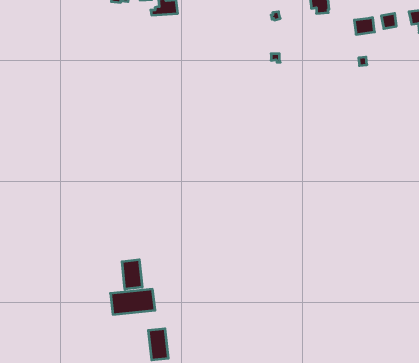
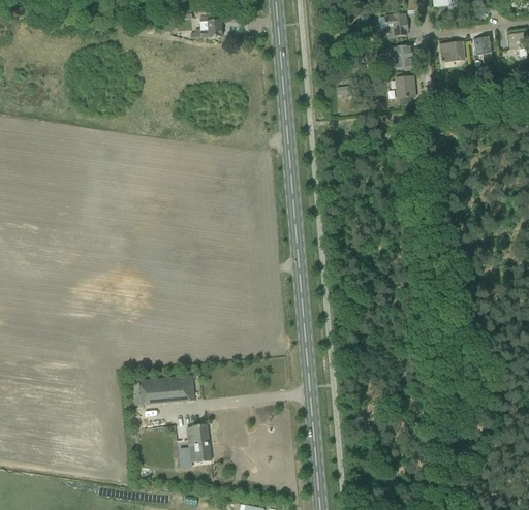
building: none -> [391,43,413,69]
building: none -> [394,74,415,98]
building: [122,260,142,289] -> none

